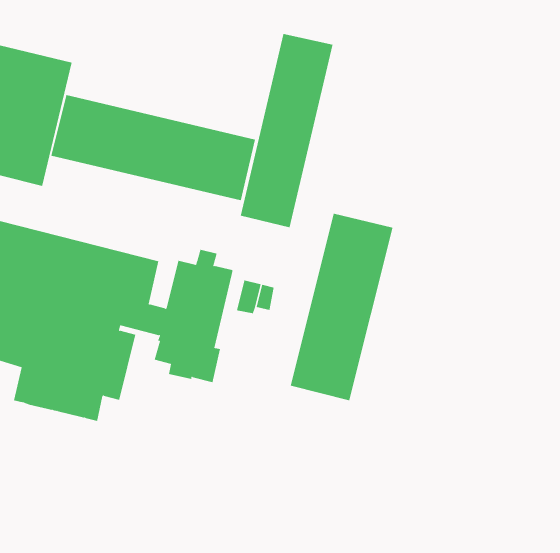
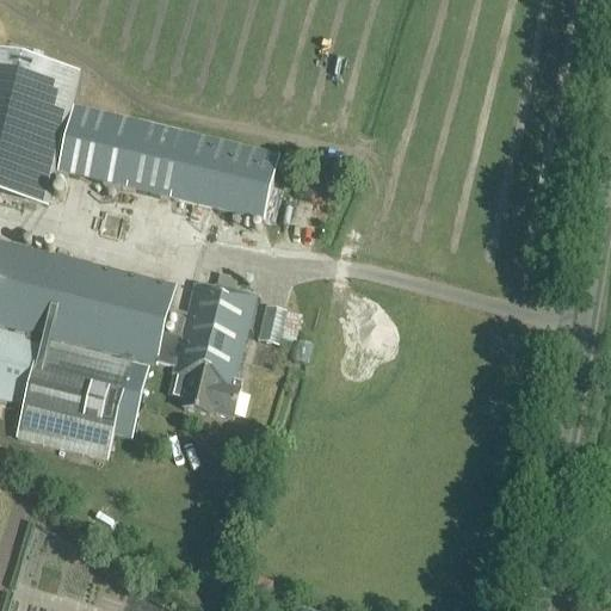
building: [240,33,333,228] -> none
building: [290,213,393,401] -> none

